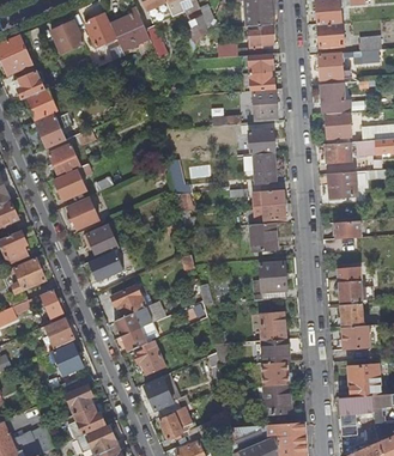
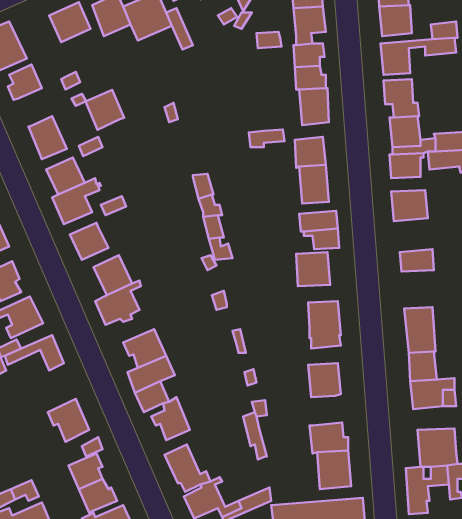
building: [25,89,56,121] -> [86,90,124,130]
building: [41,317,74,347] -> none
building: [259,339,289,363] -> none

